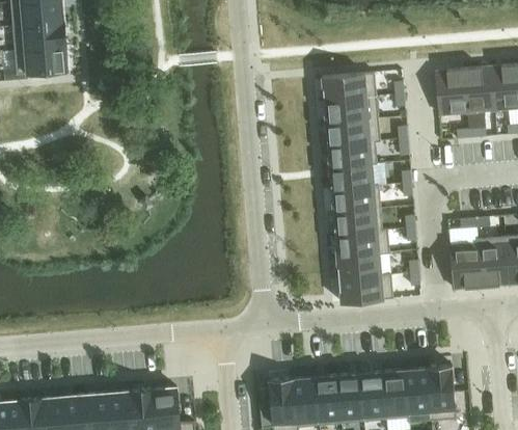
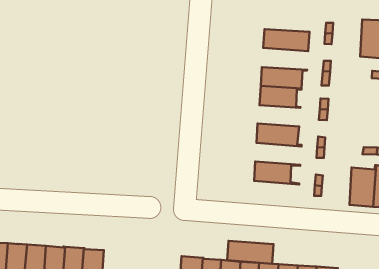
building: [322,73,376,101] -> none
building: [325,118,380,145] -> none
building: [331,186,381,212] -> none
building: [334,231,389,257] -> none
building: [338,275,393,302] -> [227,241,273,264]

